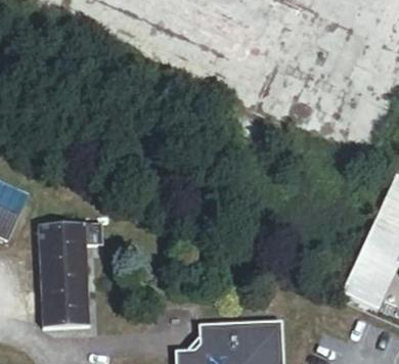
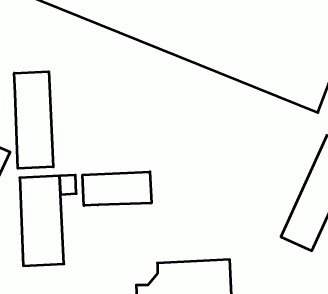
building: none -> [14,72,53,168]
building: none -> [83,172,151,206]

